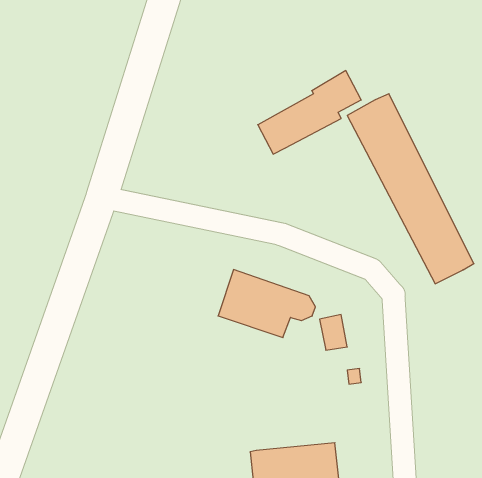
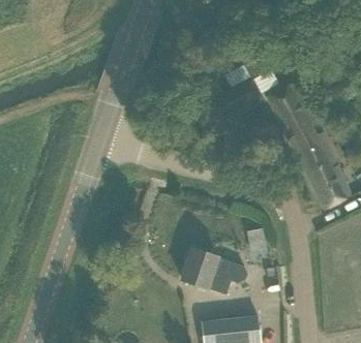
building: [218,270,315,338] -> [182,247,247,292]

